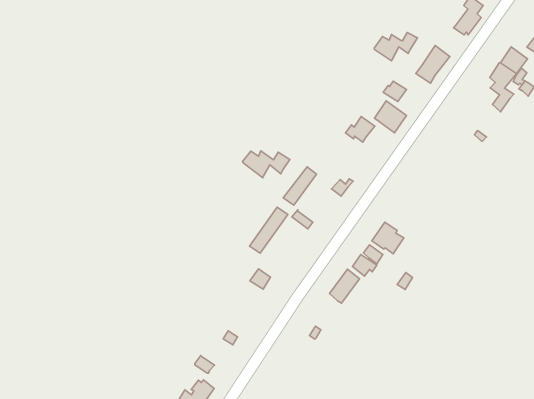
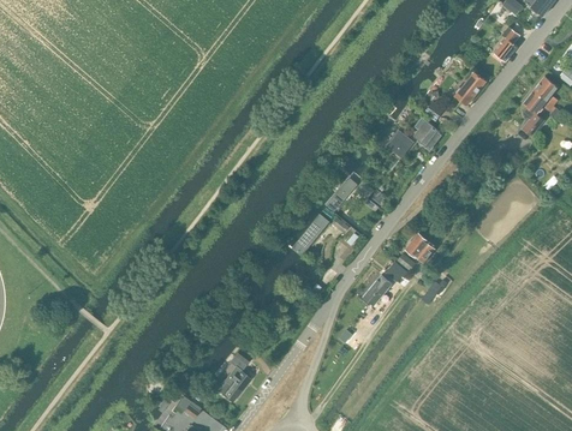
building: [374,32,417,61] -> none
building: [242,151,290,178] -> none

